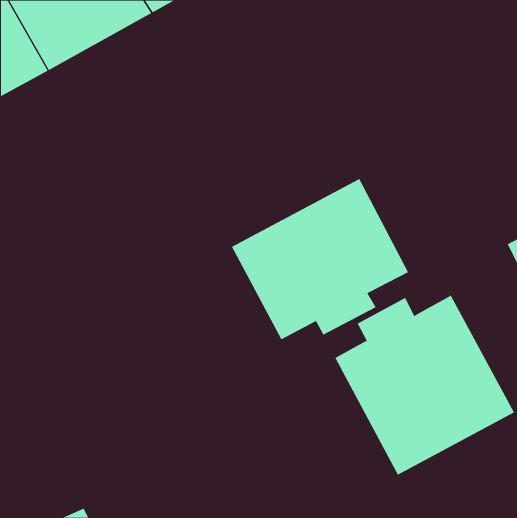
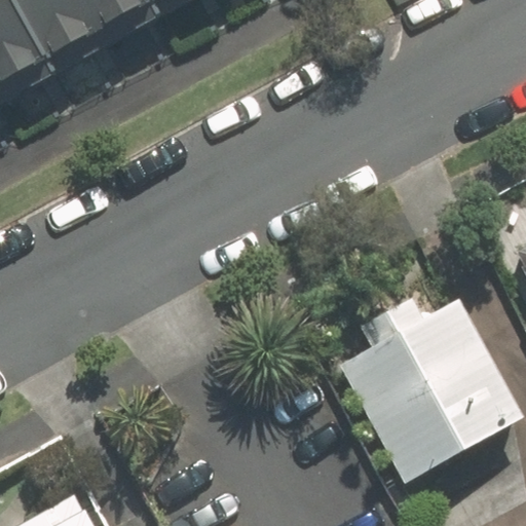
building: [231,178,409,340] -> none

